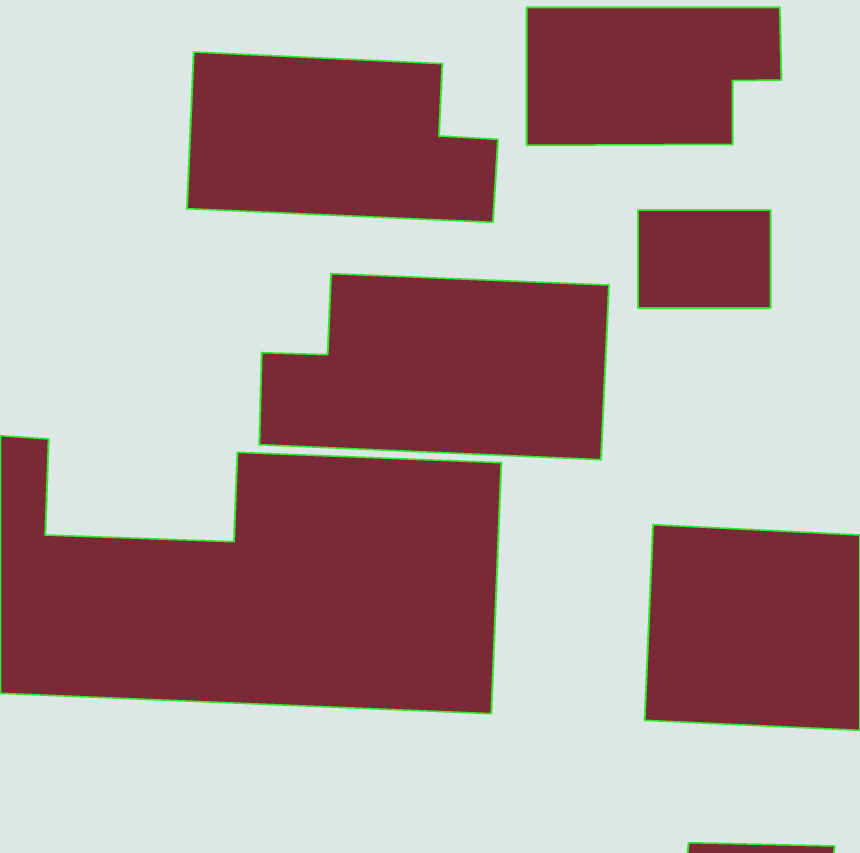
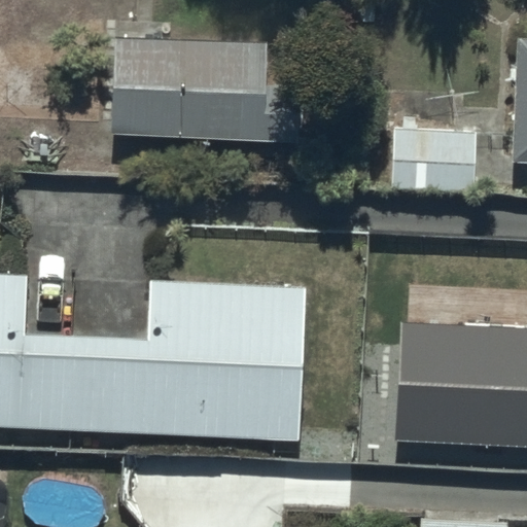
building: [527,7,781,145] -> none
building: [259,273,609,460] -> none

